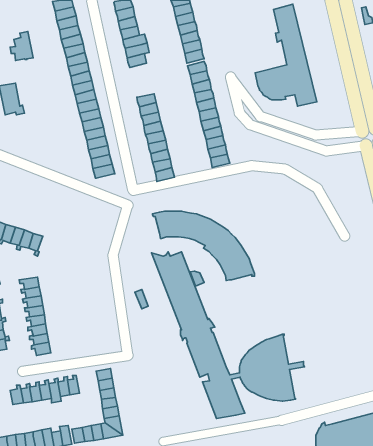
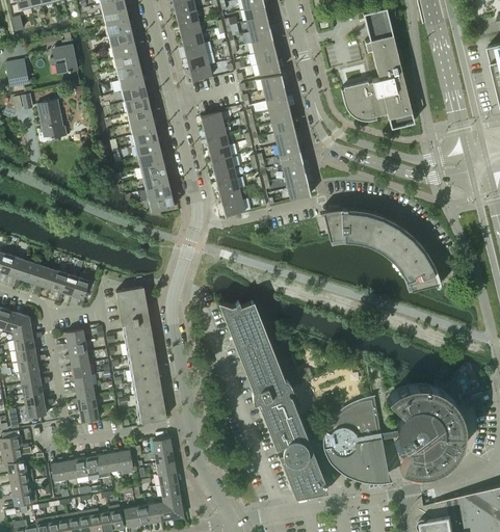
building: [153,211,254,281] -> [320,209,441,291]
building: none -> [116,287,166,423]
building: none -> [388,385,464,474]

